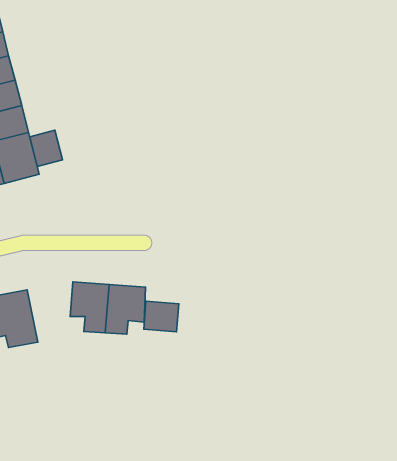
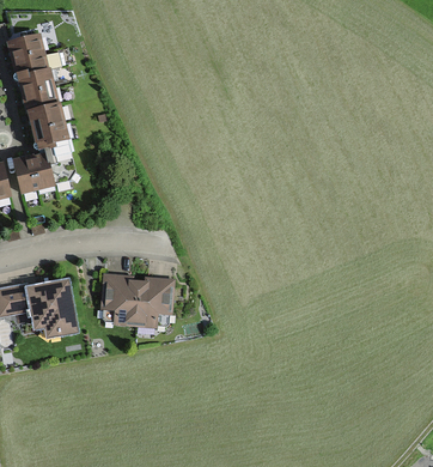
building: [30,130,62,166] -> none
building: [144,301,179,332] -> none

